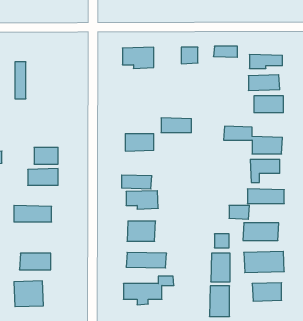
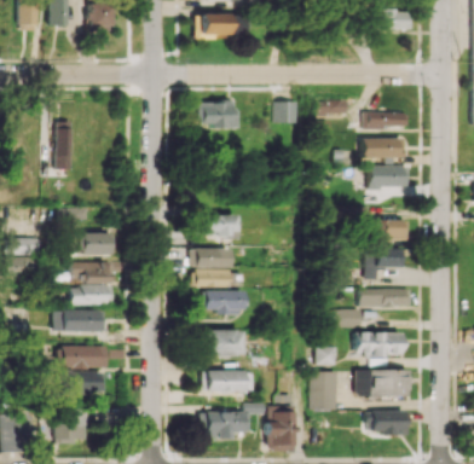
building: [161,118,191,133] -> [192,248,232,267]
building: none -> [71,285,114,306]
building: none -> [60,346,108,369]
building: [209,286,230,316] -> [268,410,295,450]

